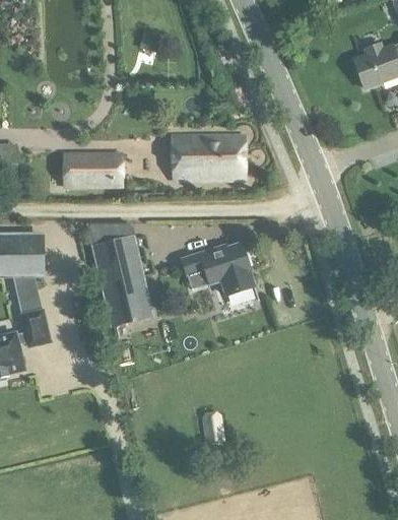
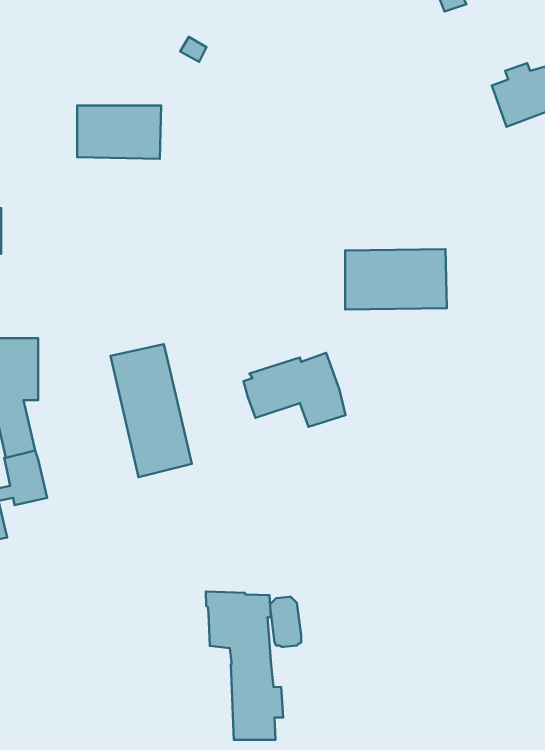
building: [174,137,244,179] -> [345,249,447,310]
building: [64,151,122,188] -> [77,106,161,159]
building: none -> [206,591,283,740]

